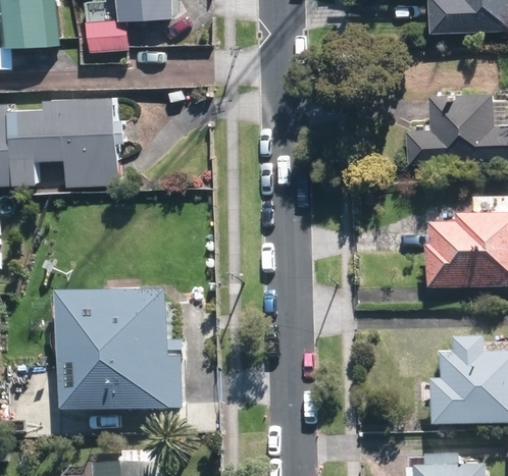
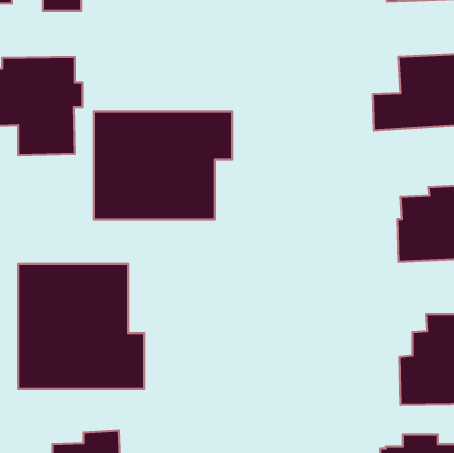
building: none -> [94,111,232,219]

